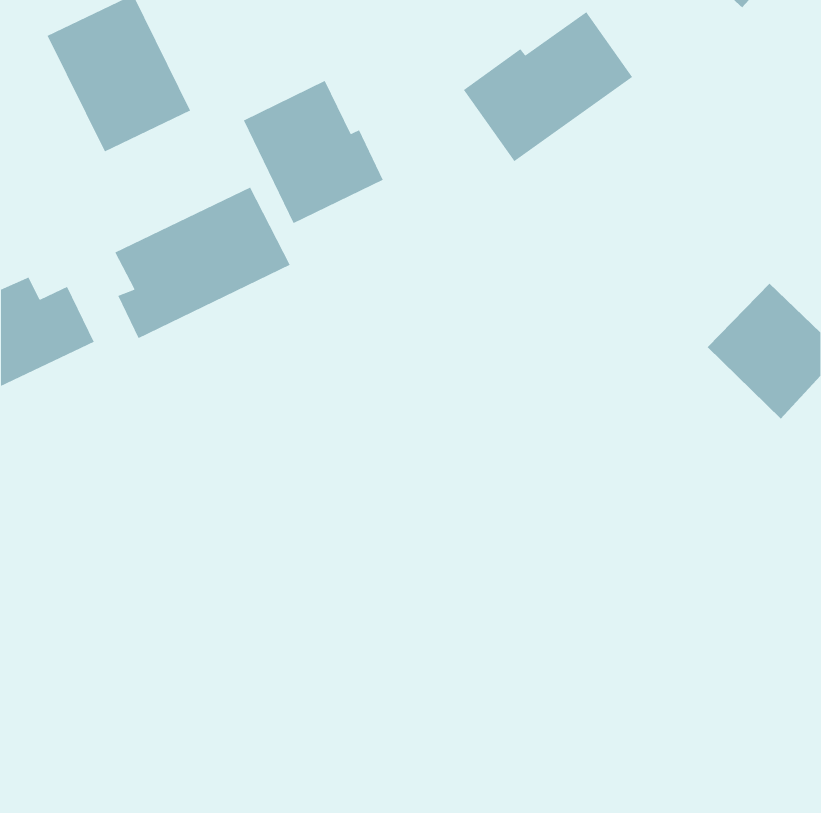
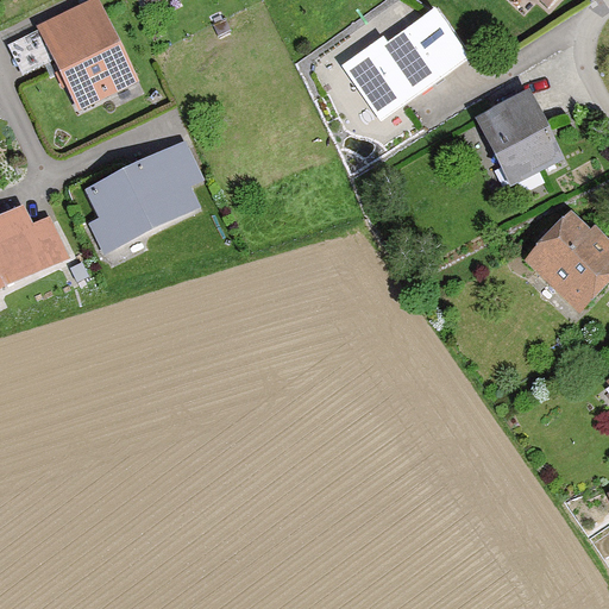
building: [243,80,384,224] -> none
building: none -> [473,86,563,182]

